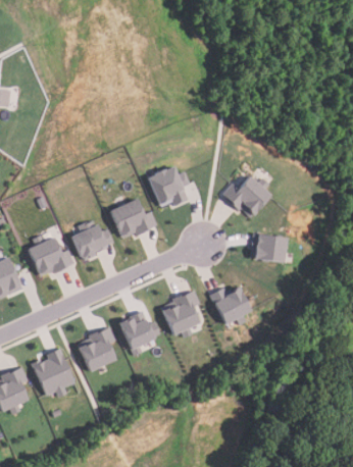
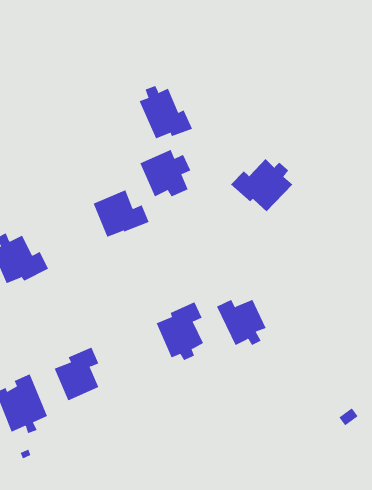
building: none -> [139,85,193,139]
building: [71,220,114,259] -> none
building: [249,232,288,262] -> none
building: [120,310,160,354] -> none

